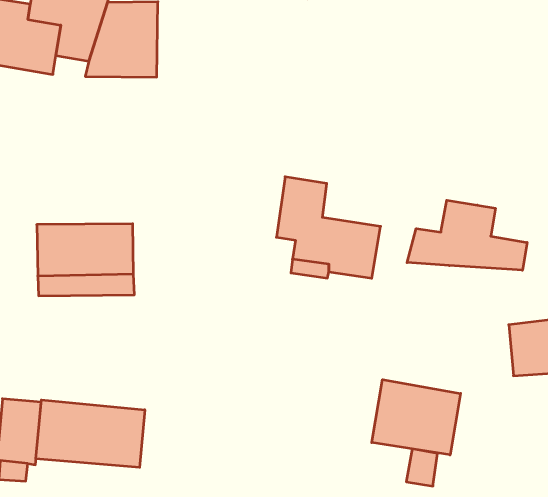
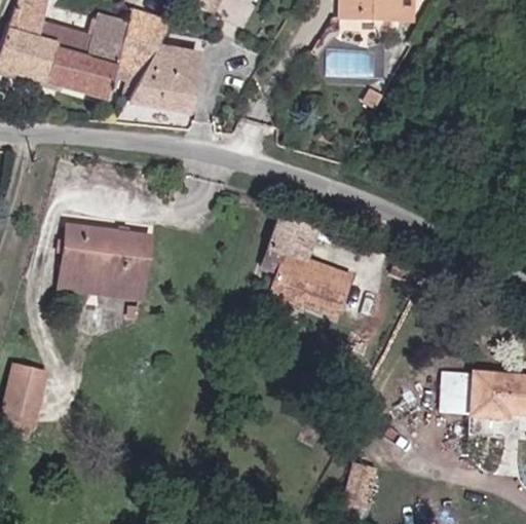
building: [407,200,527,270] -> none
building: [372,380,461,455] -> none
building: [36,400,145,467] -> none

